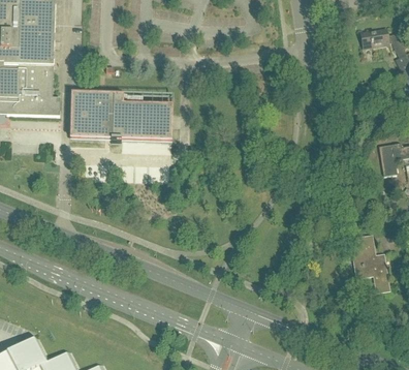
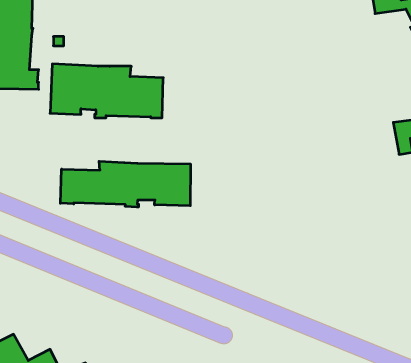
building: none -> [60,161,190,207]
building: [350,236,388,291] -> none

